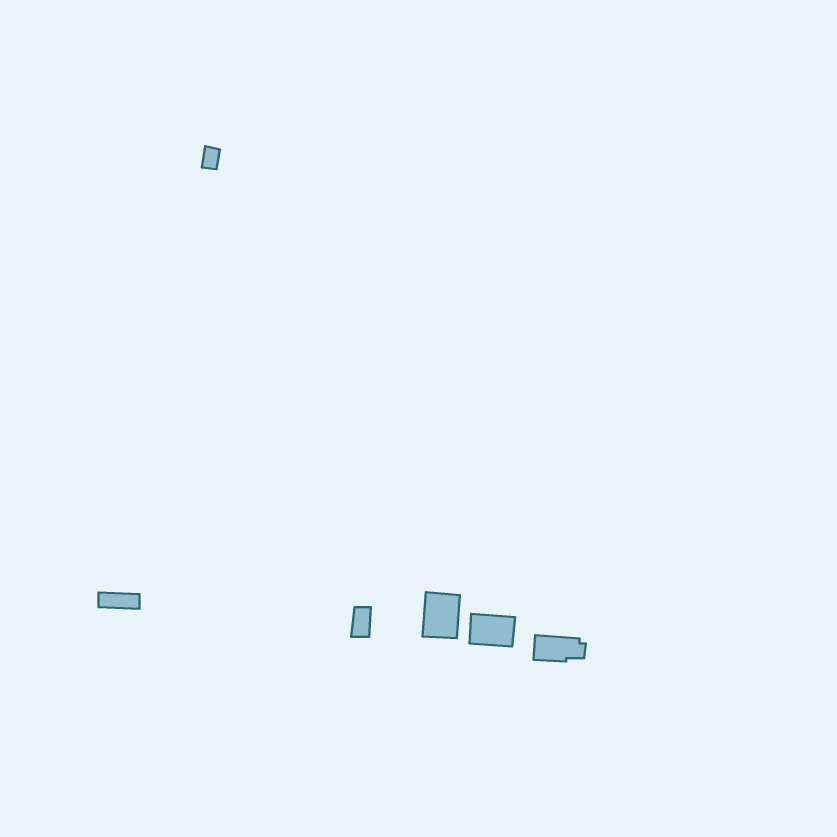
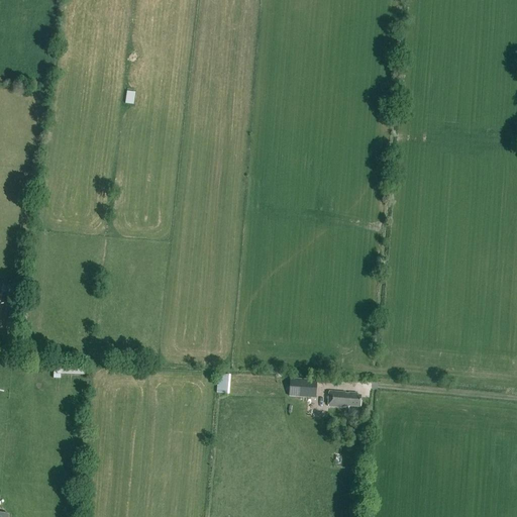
building: [423,592,460,638] -> none

